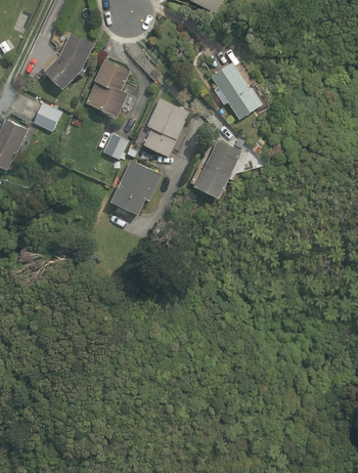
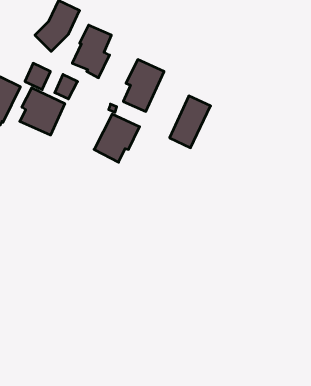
building: [210,60,262,120] -> none
building: none -> [20,88,65,135]
building: [102,132,128,160] -> [55,74,78,99]

